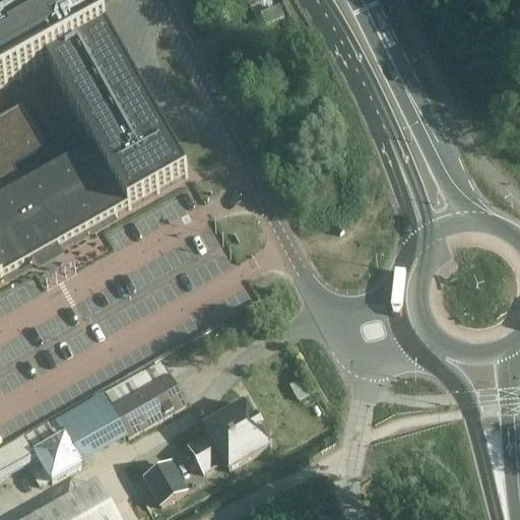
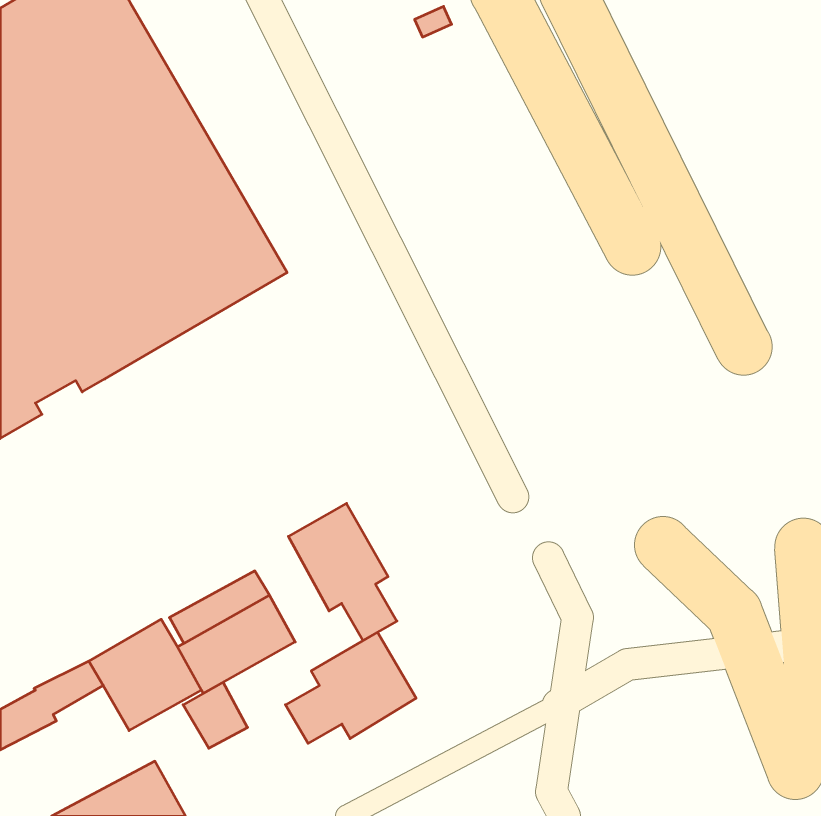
building: none -> [288,503,397,640]
building: [36,432,86,481] -> none
building: [147,463,188,505] -> [183,682,248,748]

